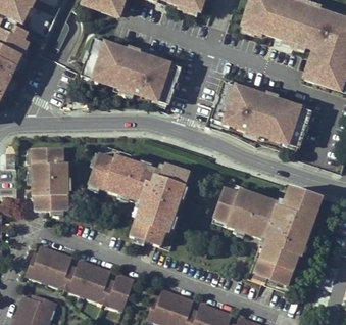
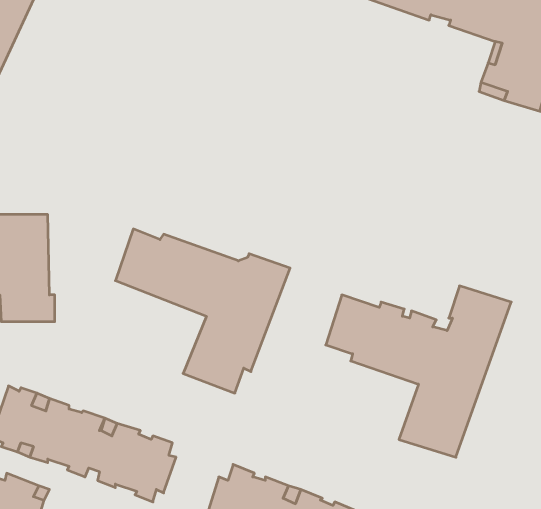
building: [80,36,179,100] -> none
building: [212,80,310,143] -> none

